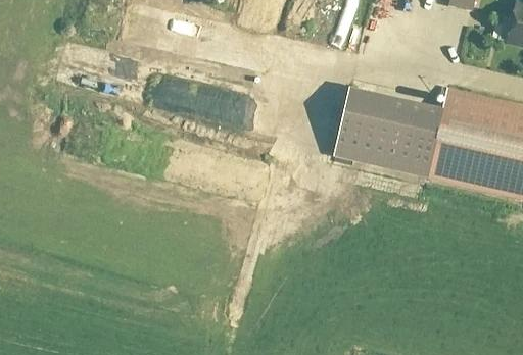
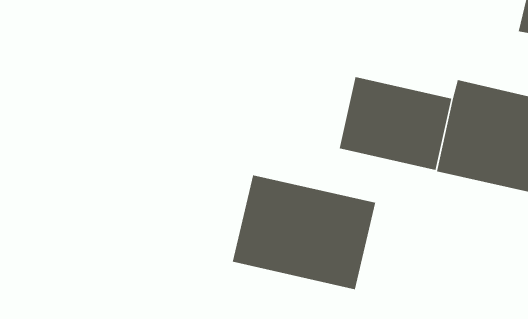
building: none -> [232,174,376,290]

